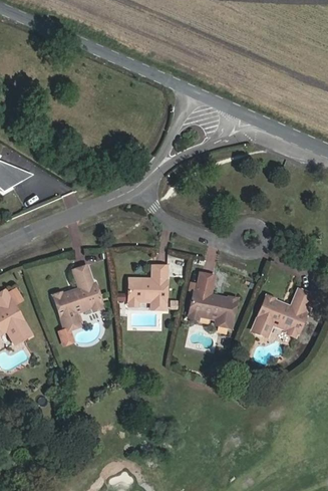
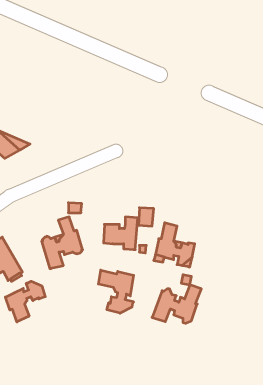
building: [252,290,311,336] -> [152,285,201,323]
building: none -> [98,270,134,313]
building: none -> [5,281,45,322]

